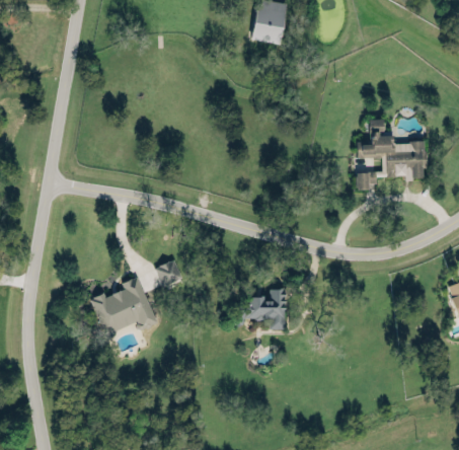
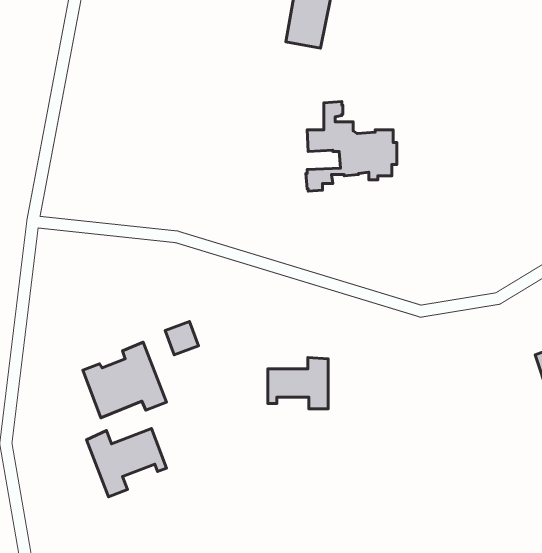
building: [357,118,429,189] -> [306,101,397,191]
building: none -> [86,429,166,497]

